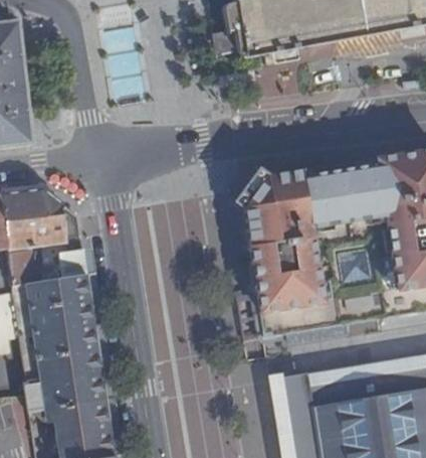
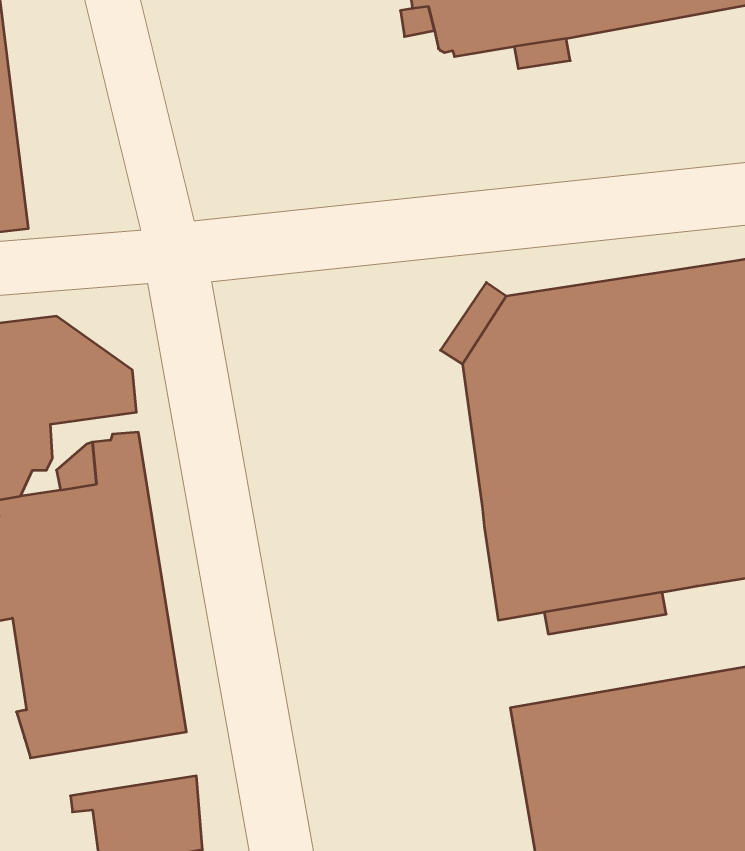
building: [28,396,112,427] -> none

